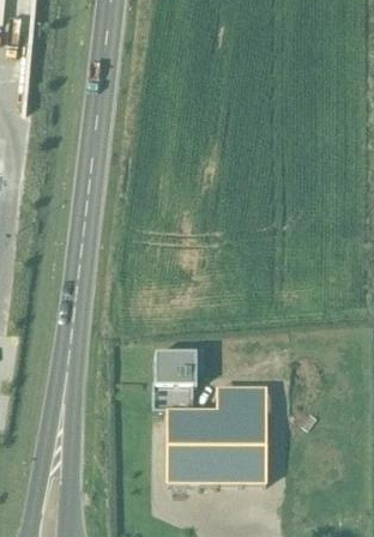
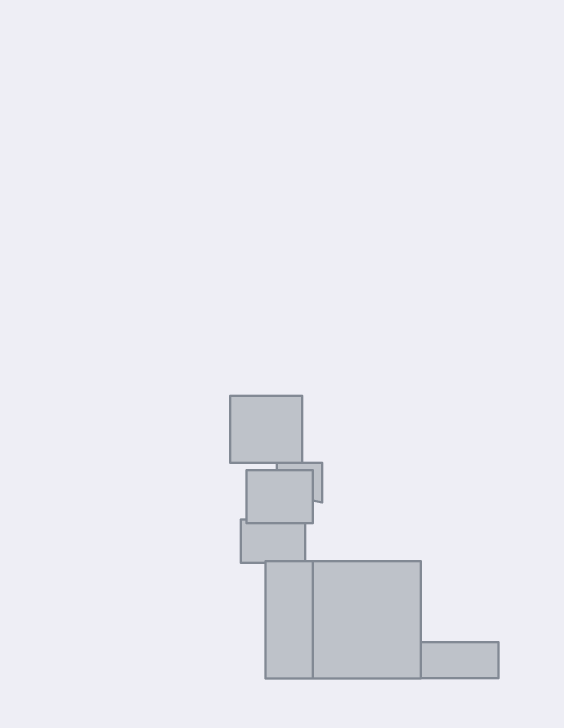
building: none -> [230,396,302,463]
building: [219,386,269,409] -> [421,642,498,678]

